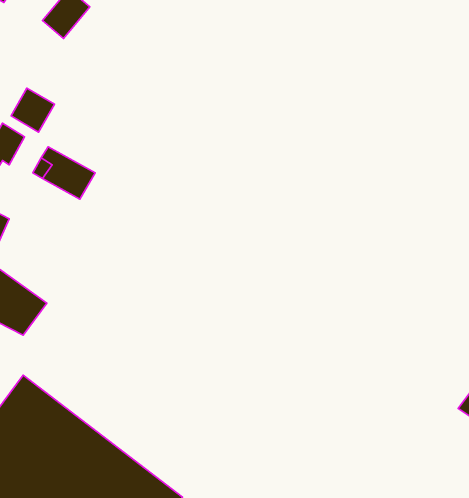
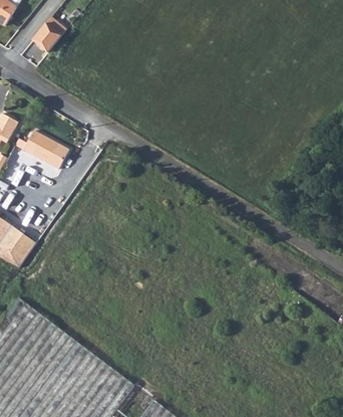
building: [11,88,55,132] -> none

